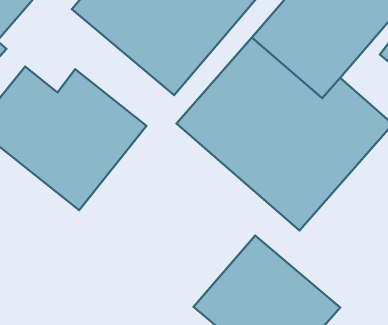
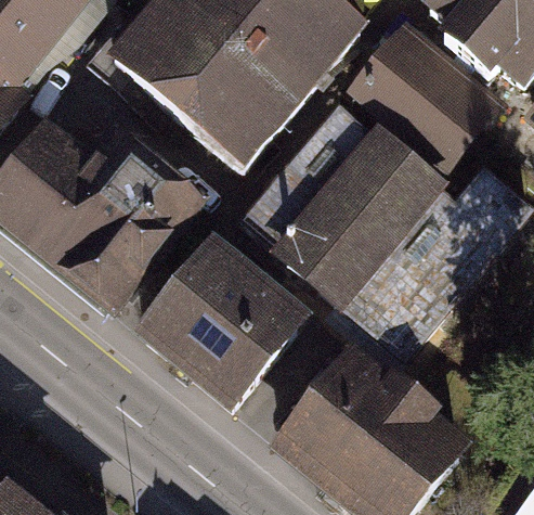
building: none -> [139,249,307,415]

